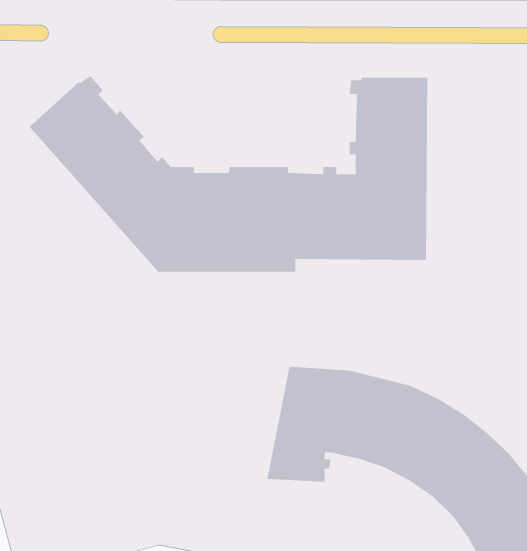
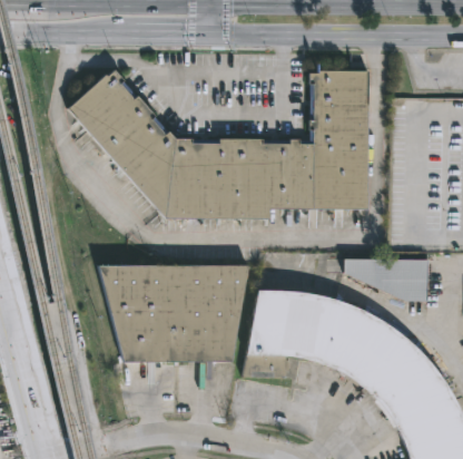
building: none -> [343,258,427,301]
building: none -> [95,265,246,362]

